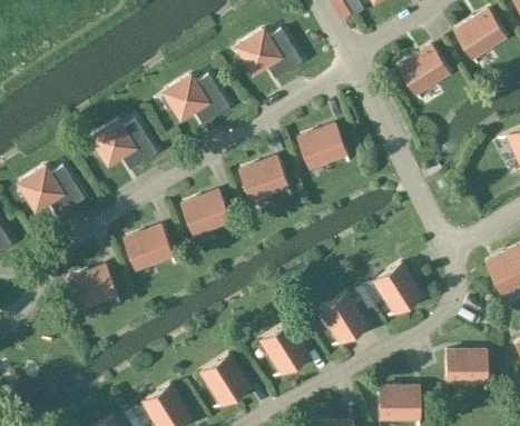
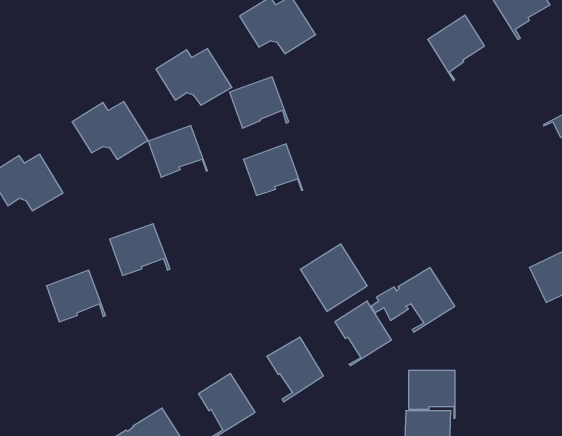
building: [298,125,350,169] -> [230,77,289,128]
building: [181,191,233,236] -> [148,126,207,177]
building: none -> [300,244,367,311]
building: [447,350,487,392] -> [409,370,455,418]

